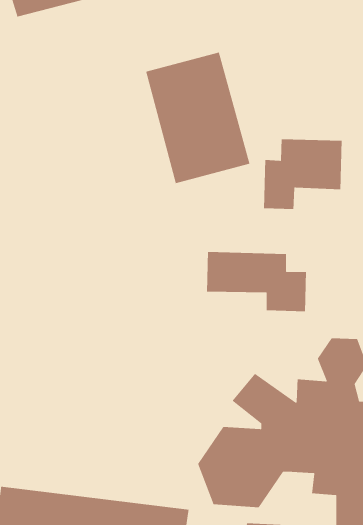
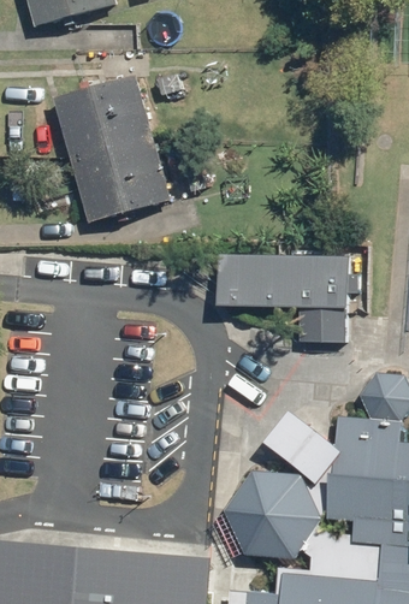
building: [145,51,250,184] -> [53,73,167,218]
building: [263,139,343,210] -> none

